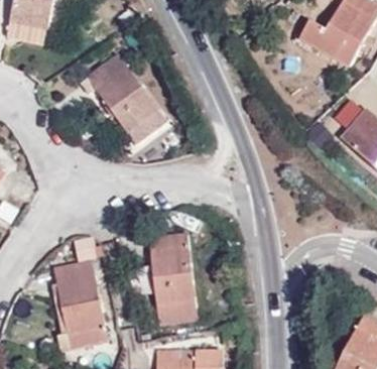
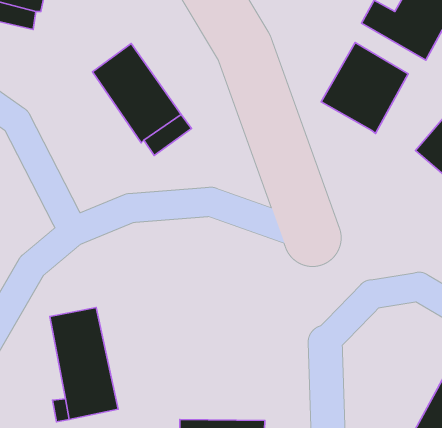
building: none -> [321,43,408,133]
building: [148,234,198,325] -> none

